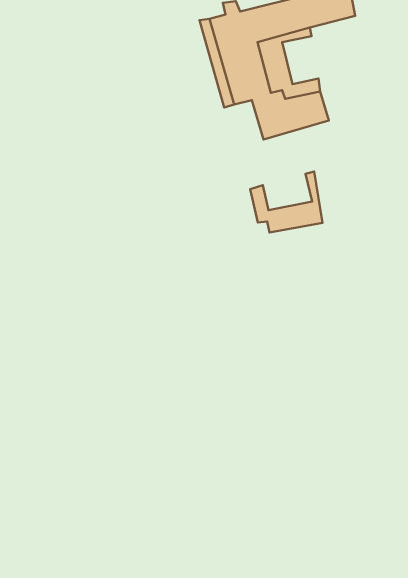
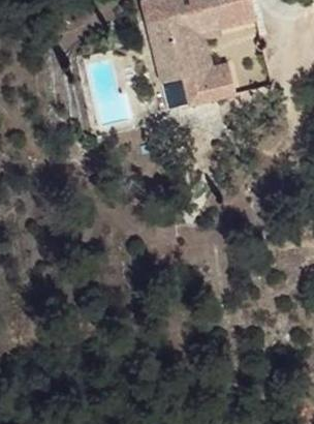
building: [250,172,322,233] -> none

